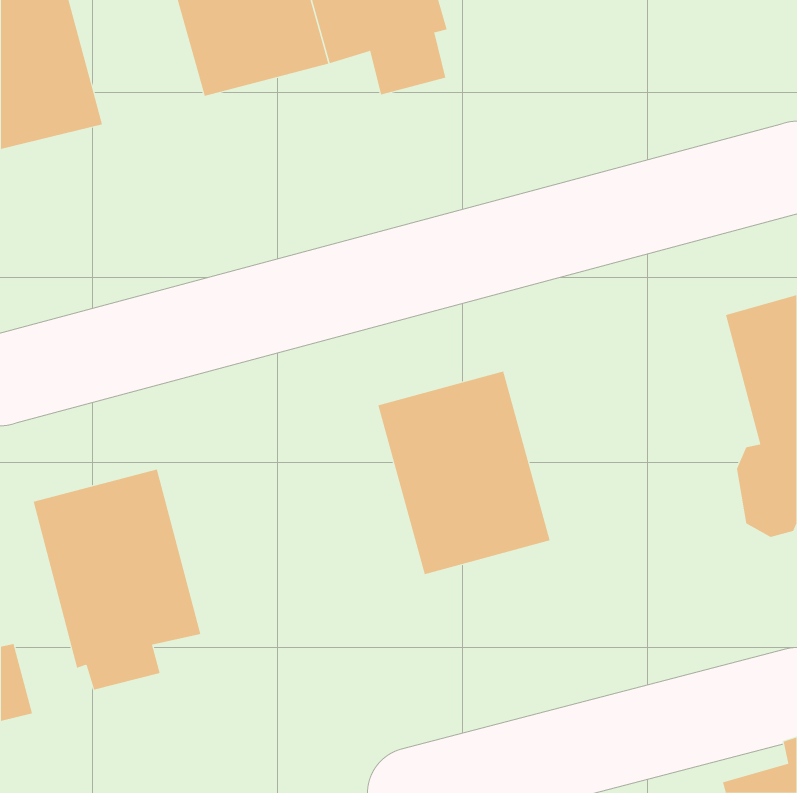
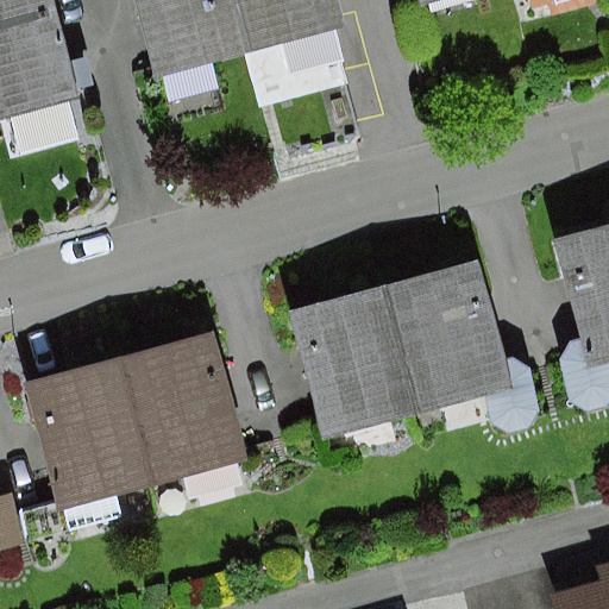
building: none -> [384,259,539,431]
building: none -> [120,334,247,497]

